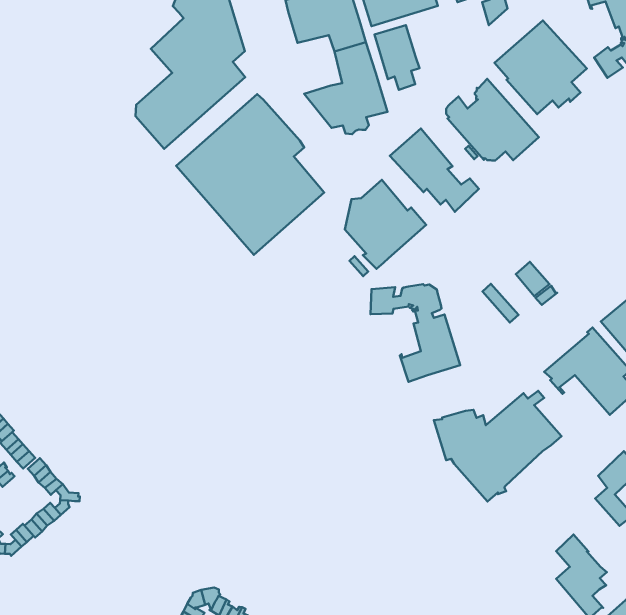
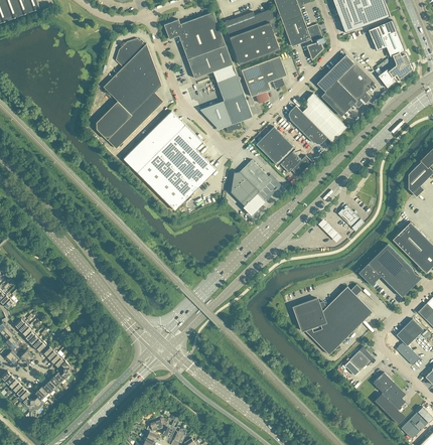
building: none -> [260,55,286,89]
building: [371,284,460,382] -> none
building: none -> [344,345,374,375]

